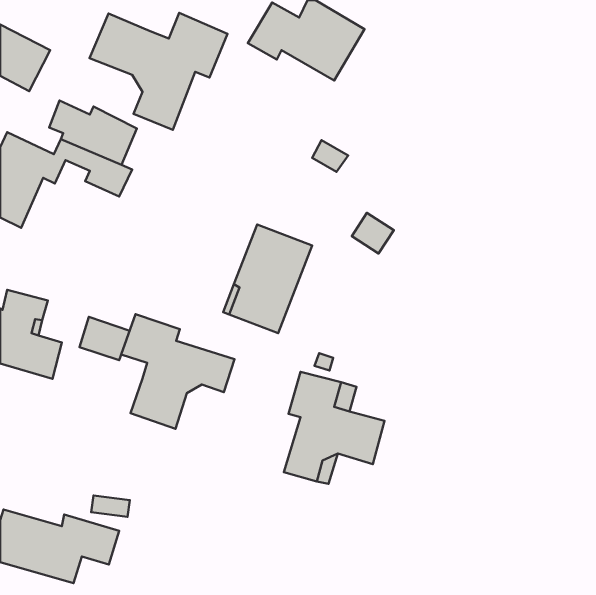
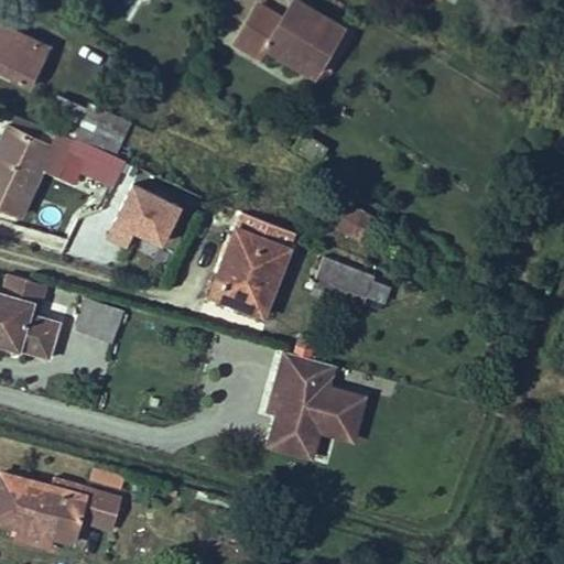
building: [90,13,228,130] -> none
building: none -> [109,184,181,245]
building: none -> [315,259,377,305]
building: [121,314,235,429] -> none

